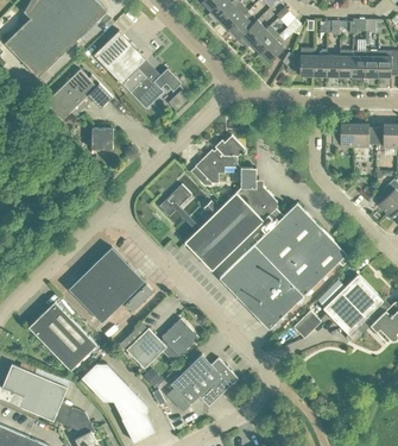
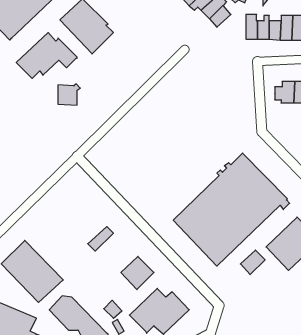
building: [129,69,182,109] -> none
building: [158,136,282,270] -> none
building: [69,247,145,322] -> none
building: [126,328,166,369] -> none

